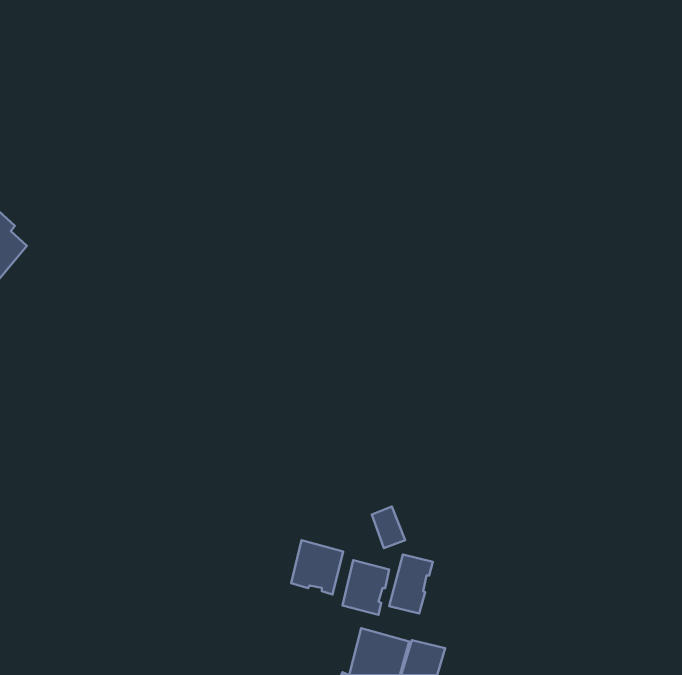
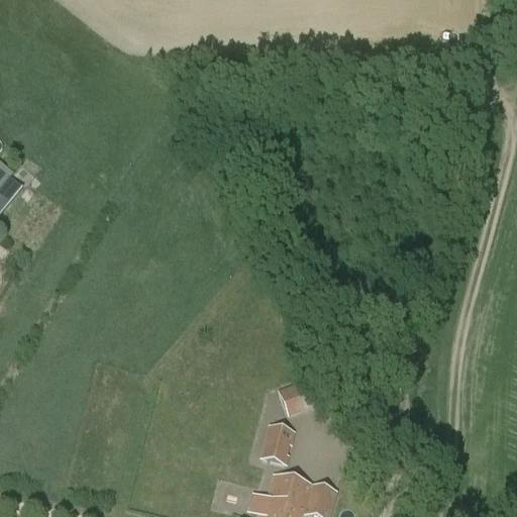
building: [291,540,343,594] -> none
building: [389,555,433,613] -> none

